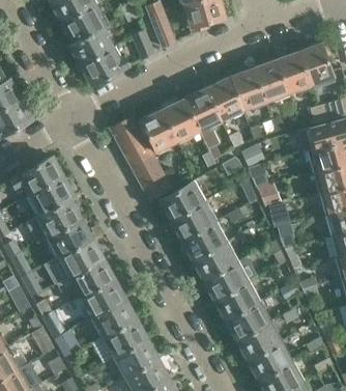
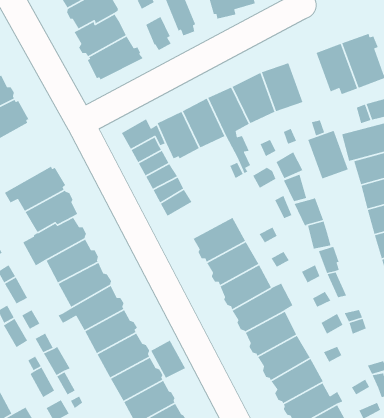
building: [253,60,288,103] -> [307,130,349,180]
building: [160,180,205,219] -> none
building: none -> [150,340,186,379]

